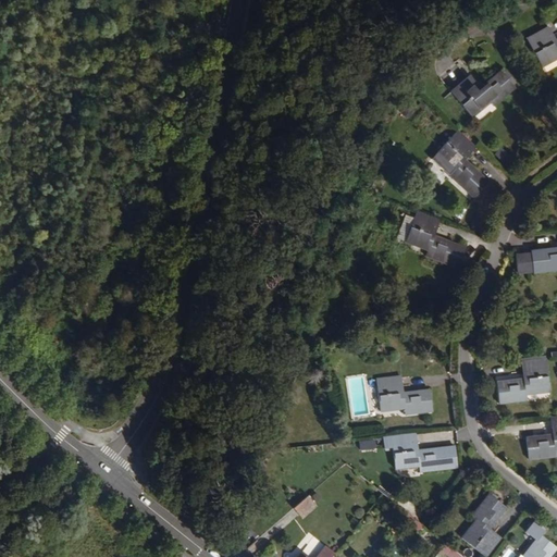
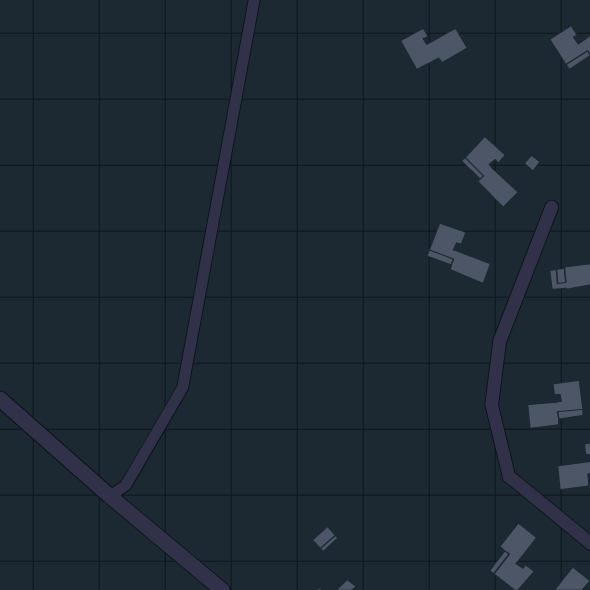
building: [451,74,515,113] -> [400,28,467,70]
building: [374,375,430,414] -> none
building: [388,433,456,471] -> none

